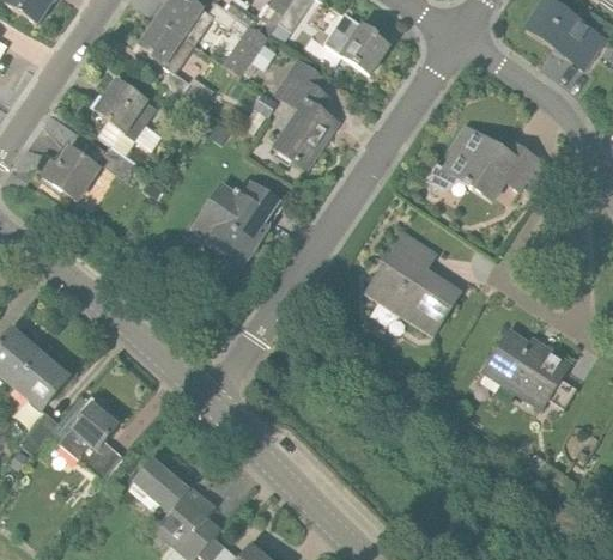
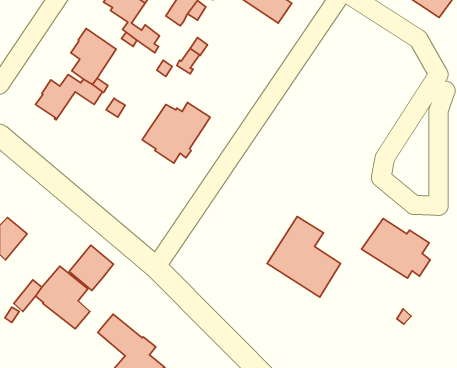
building: [274,57,339,168] -> none
building: [426,126,540,193] -> none
building: [364,230,461,336] -> [267,217,341,297]
building: [11,351,69,410] -> [69,245,114,291]

